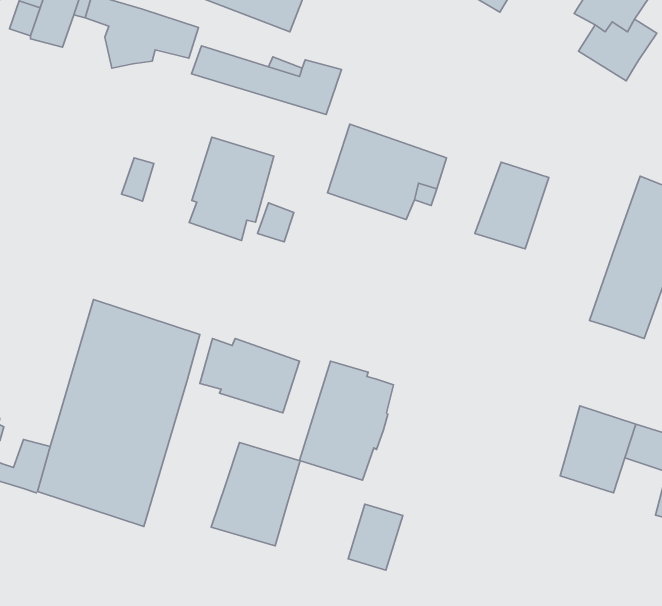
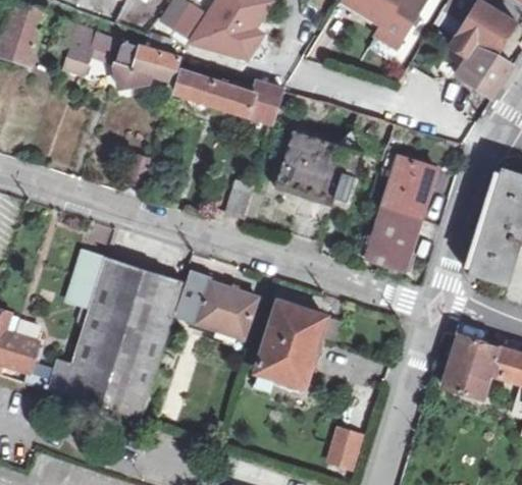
building: [189,137,274,240] -> none
building: none -> [365,209,418,270]
building: none -> [63,250,104,309]
building: [211,442,300,546] -> none
building: [348,504,403,570] -> [322,423,362,471]

